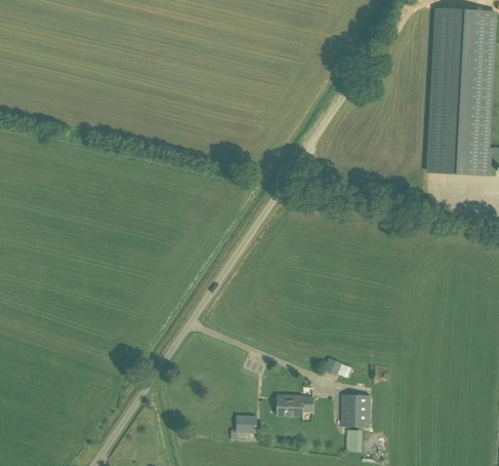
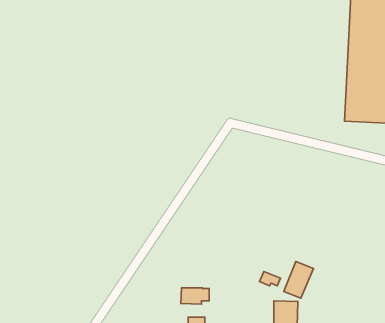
building: none -> [284,262,313,298]
building: [276,395,310,416] -> [181,288,209,304]

